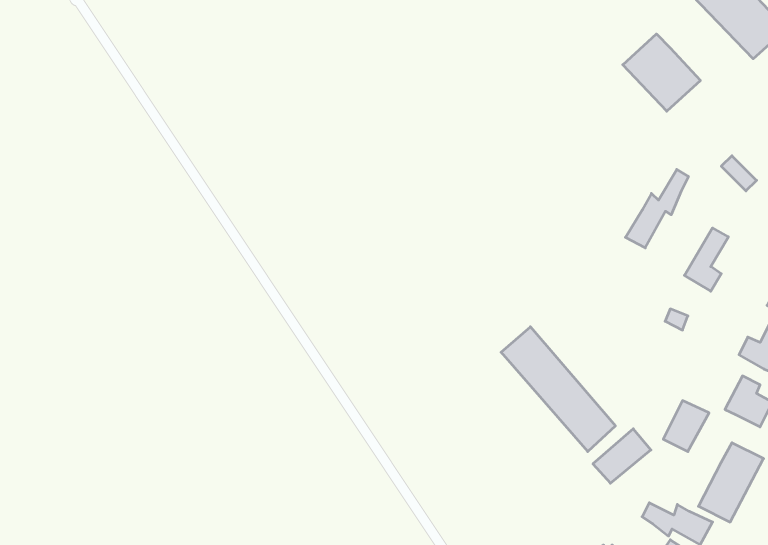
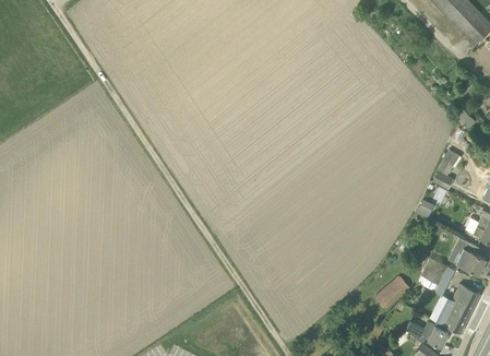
building: [623,34,700,111] -> none
building: [625,169,688,248] -> none
building: [501,327,615,452] -> none

